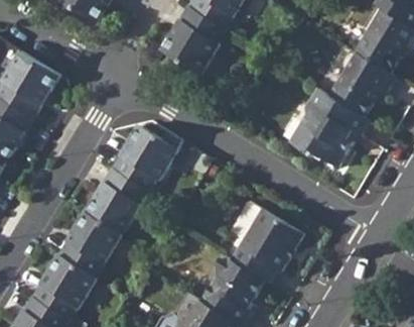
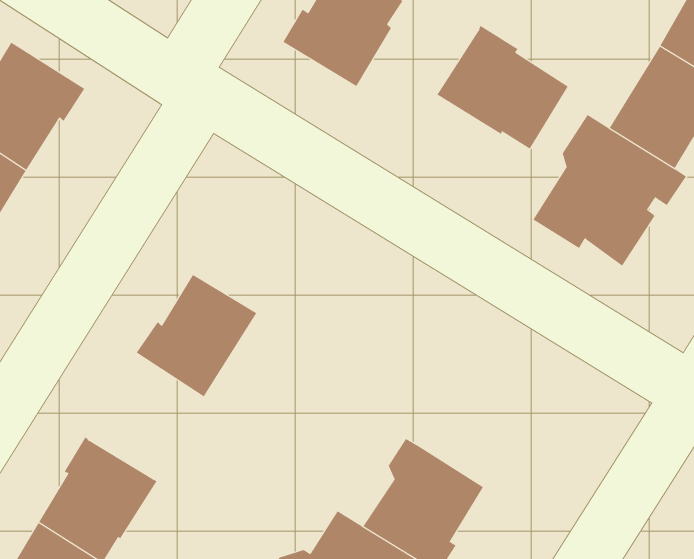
building: none -> [436,25,568,150]
building: [113,126,181,192] -> none
building: [230,209,302,284] -> none
building: [59,212,119,278] -> none

